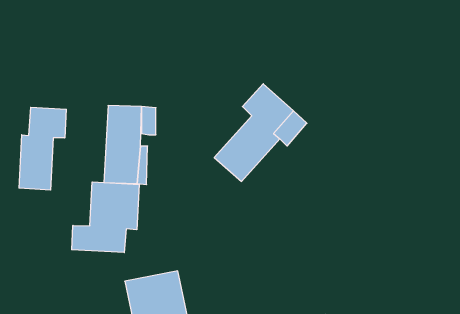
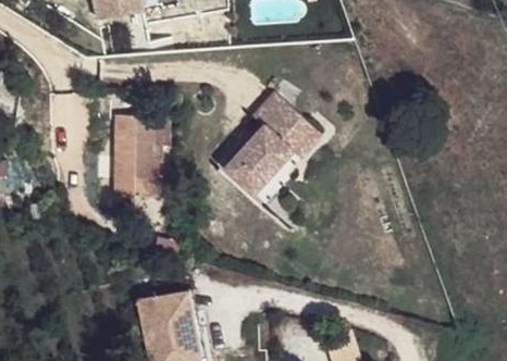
building: [19,107,66,190] -> none
building: [72,182,139,253] -> none

